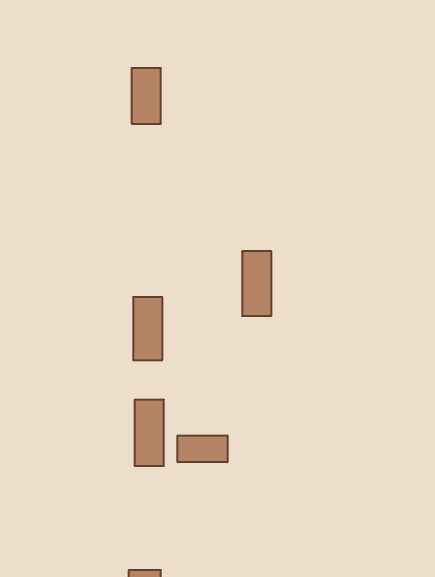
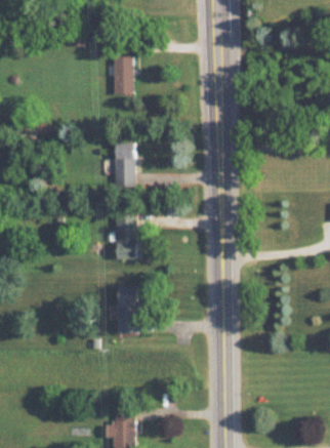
building: [242,251,271,316] -> [114,142,134,188]
building: [178,435,227,462] -> none

